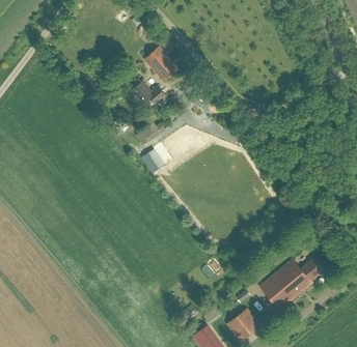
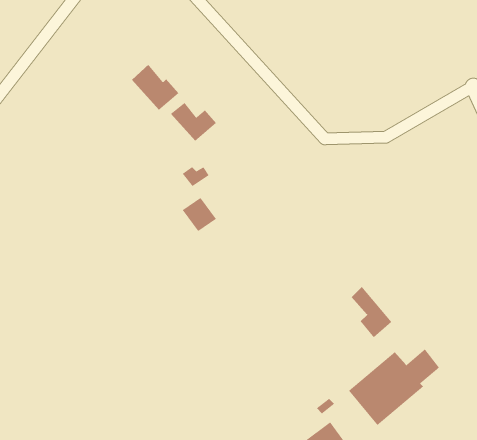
building: [144,49,178,82] -> [131,64,179,111]
building: none -> [351,286,392,338]

